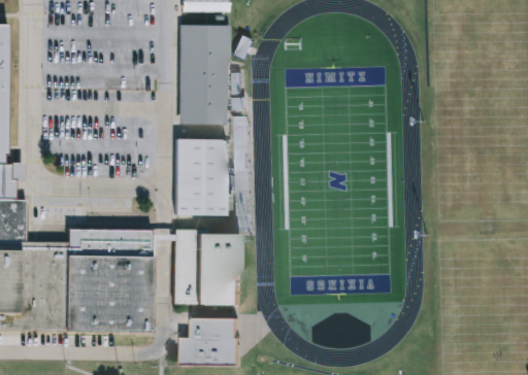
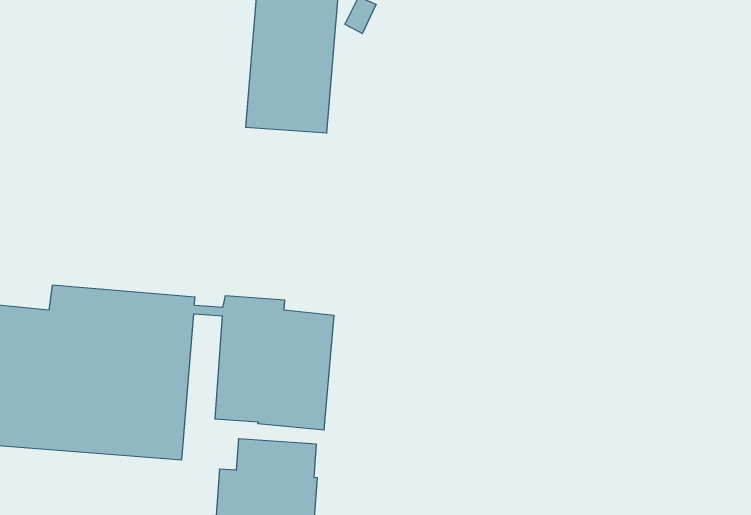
building: [173,137,228,214] -> none

